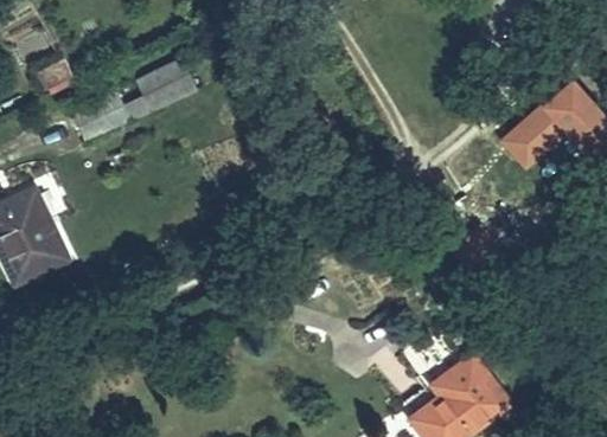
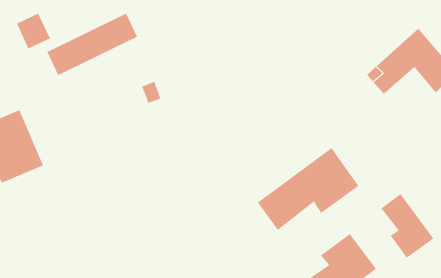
building: none -> [257,147,359,231]
building: none -> [380,193,434,259]

